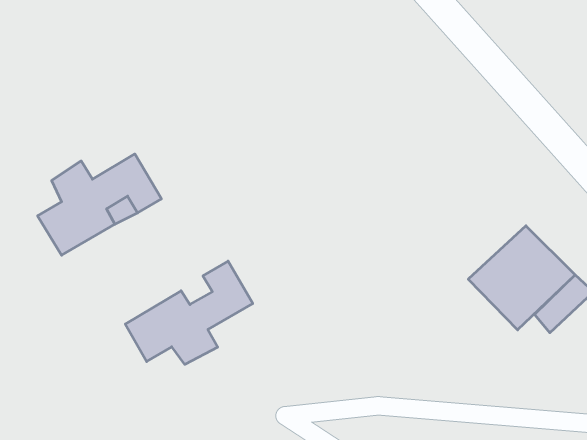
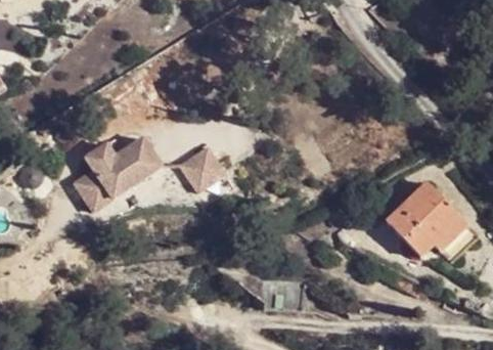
building: none -> [178,144,227,193]
building: [125,261,253,364] -> none

